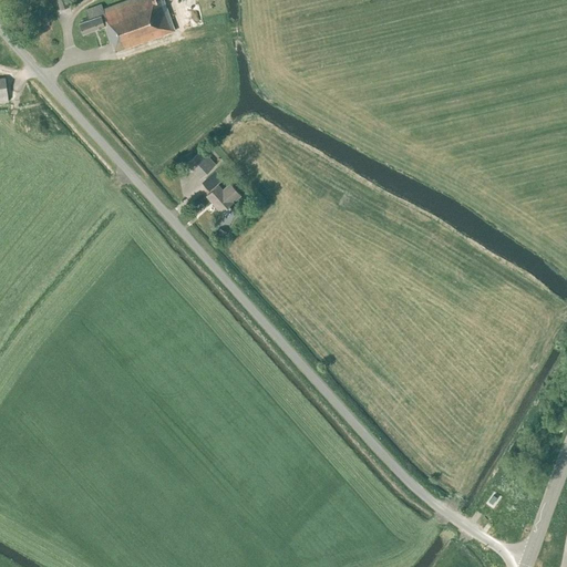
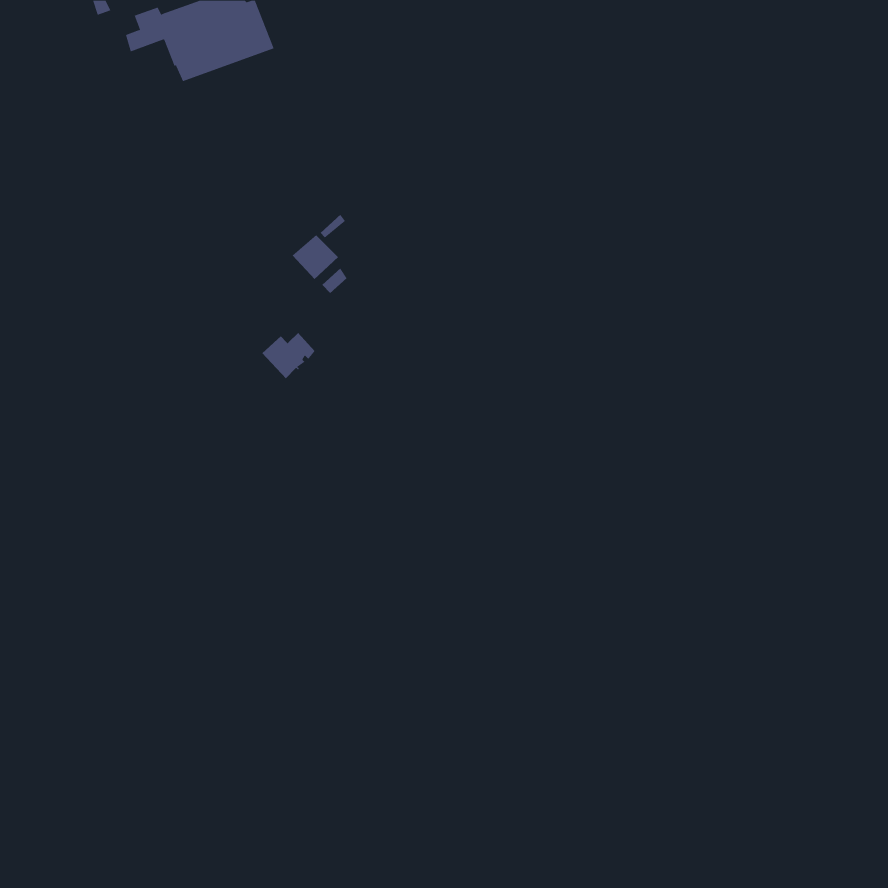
building: [206,183,240,213] -> [262,332,315,379]

